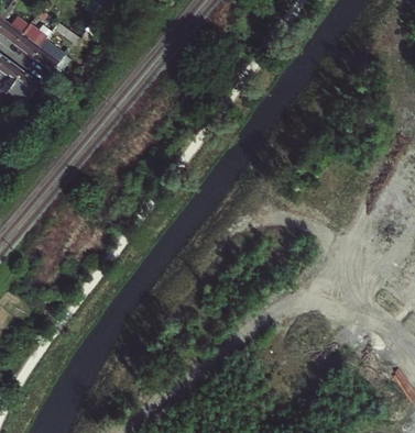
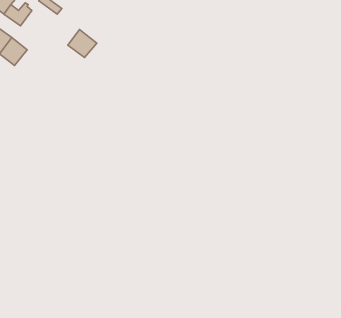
building: [32,38,65,70] -> [68,30,97,58]

